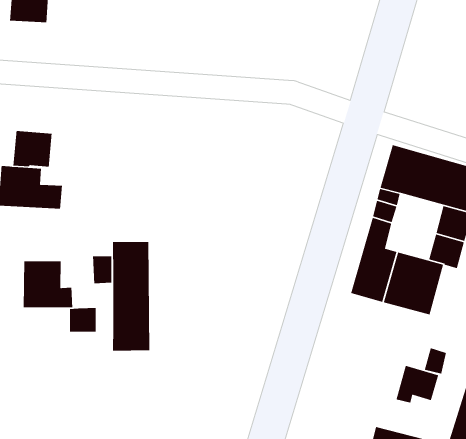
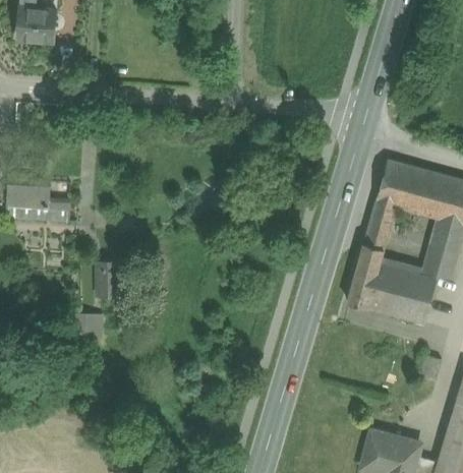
building: [12,130,52,168] -> none
building: [112,241,150,352] -> none
building: [23,261,73,308] -> none
building: [396,365,439,403] -> none

